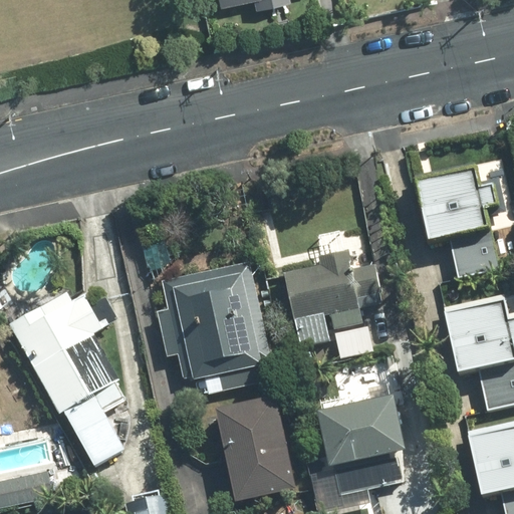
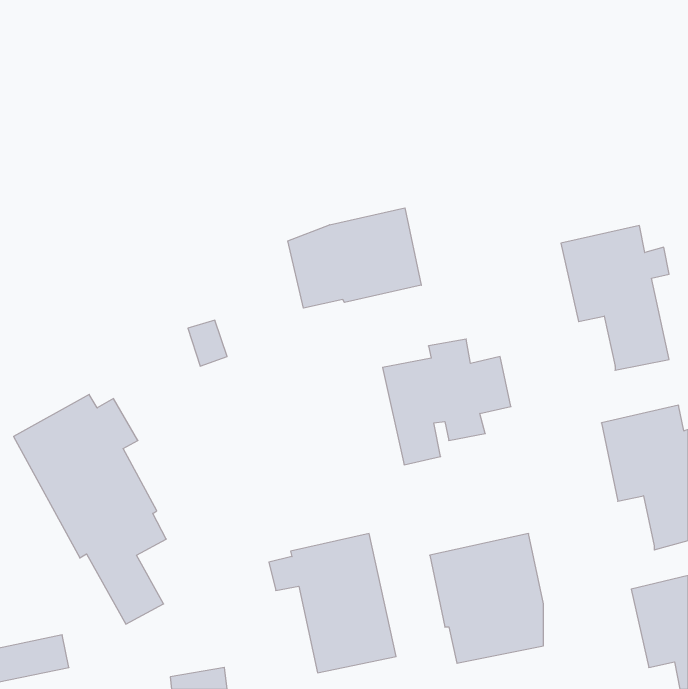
building: none -> [288,208,421,308]
building: [158,263,268,395] -> none

